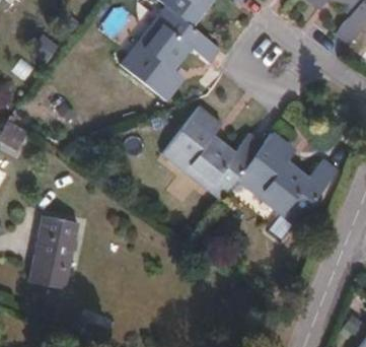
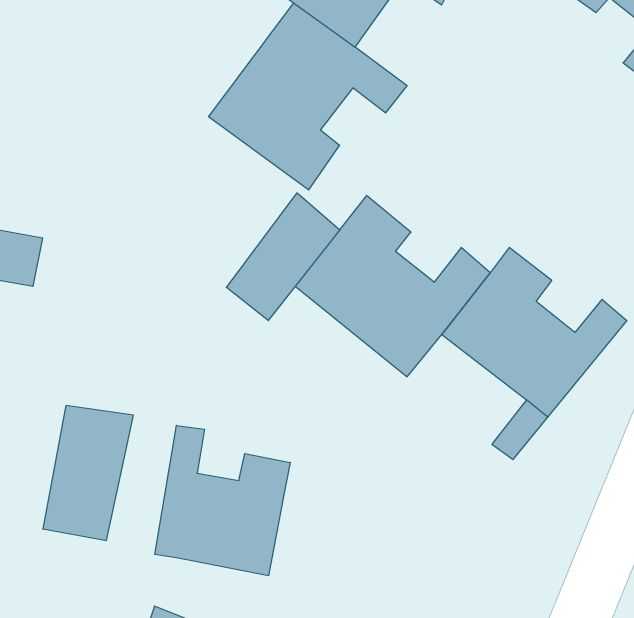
building: none -> [226,193,340,321]
building: none -> [155,425,290,576]

